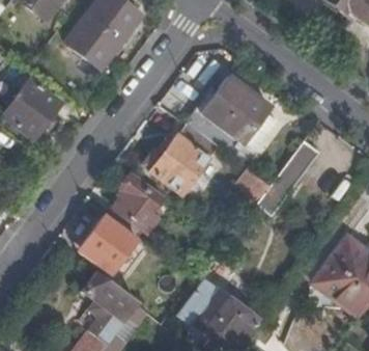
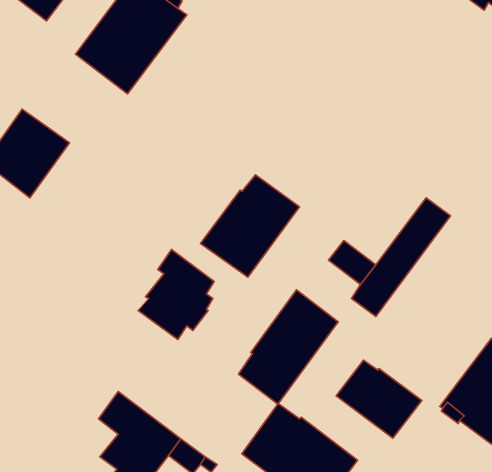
building: [186,77,277,158] -> none
building: none -> [238,290,338,404]
building: [83,215,135,274] -> none
building: none -> [336,360,422,438]

